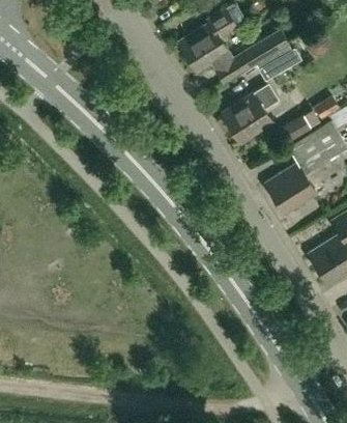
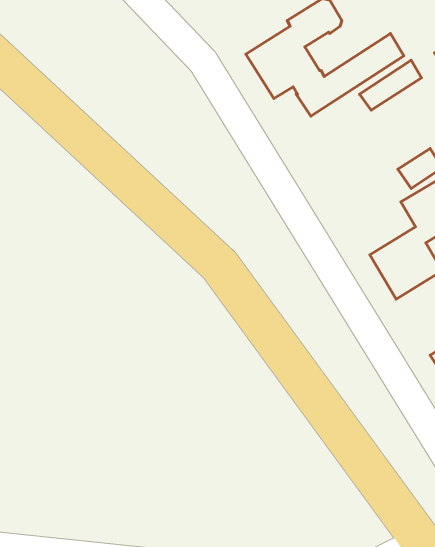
building: [222,84,279,145] -> none

